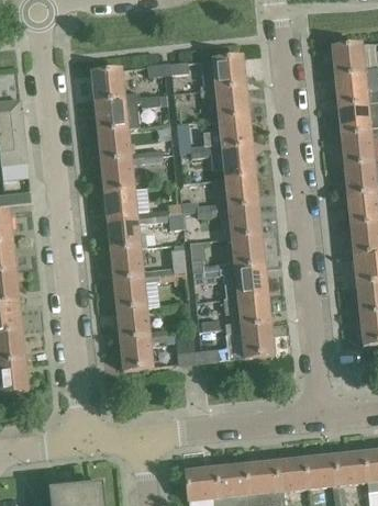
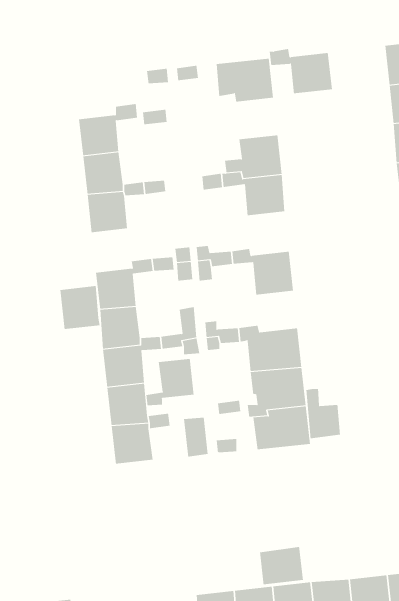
building: [91,68,123,103] -> none
building: [200,83,249,119] -> [269,48,333,94]
building: [225,175,258,209] -> none
building: [104,188,136,222] -> [59,286,101,330]
building: [232,236,265,268] -> none
building: none -> [146,358,194,406]
building: none -> [306,388,341,439]
building: none -> [260,546,304,585]

